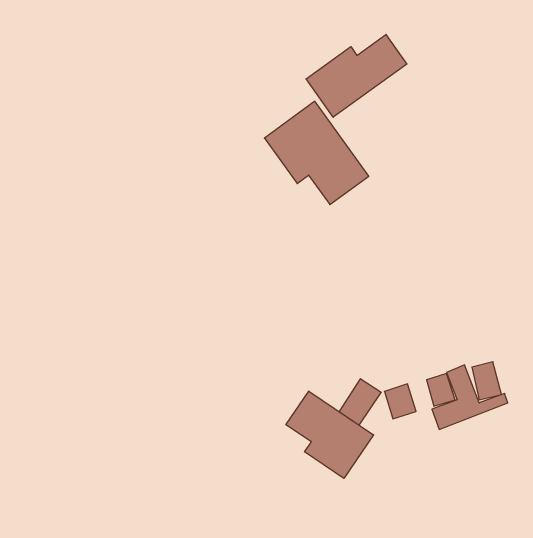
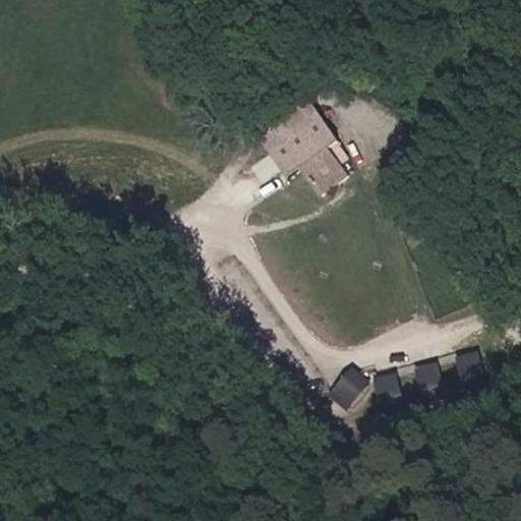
building: [306,34,407,117] -> none
building: [286,391,374,478] -> none

